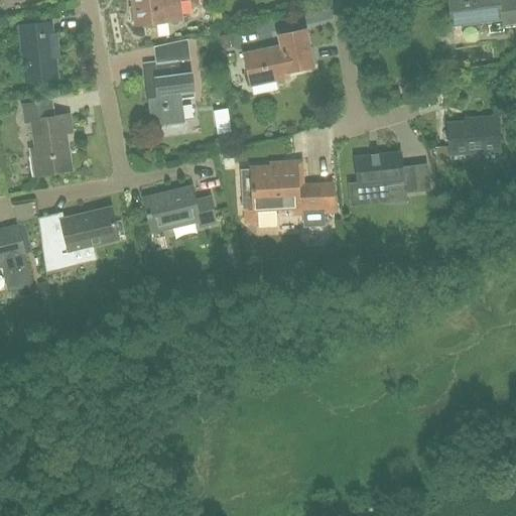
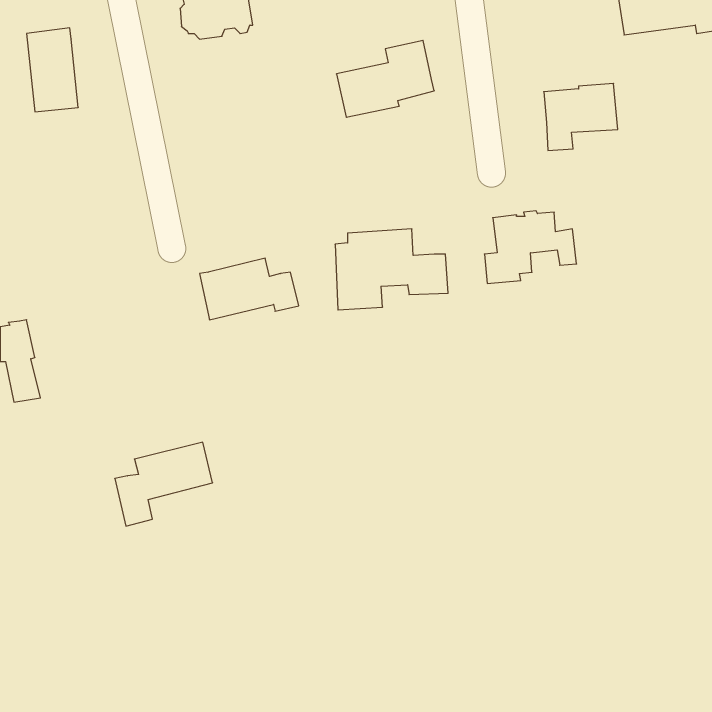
building: [144,38,195,125] -> none
building: [21,98,72,174] -> none
building: [447,117,501,165] -> [544,83,618,150]
building: [47,209,118,269] -> [115,442,213,526]

